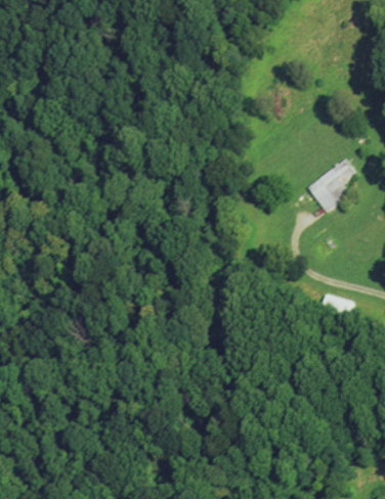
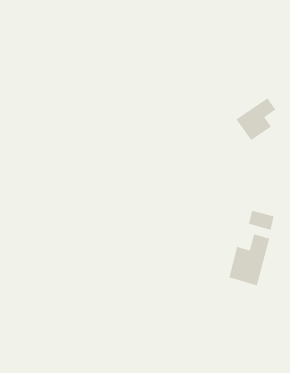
building: none -> [229,234,270,286]

